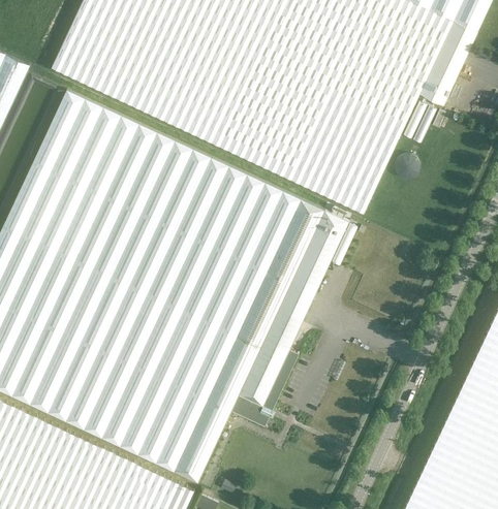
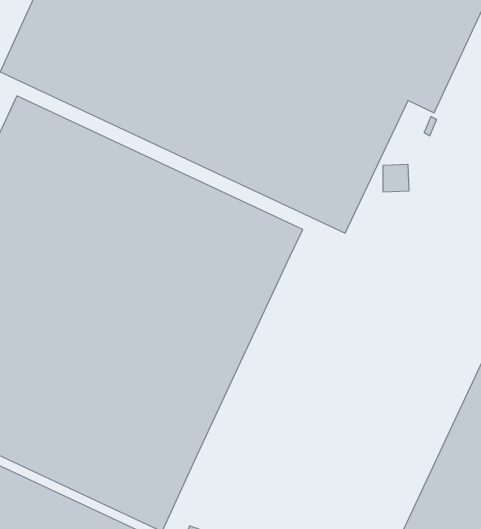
building: [404,98,437,140] -> none
building: [230,210,348,425] -> none

